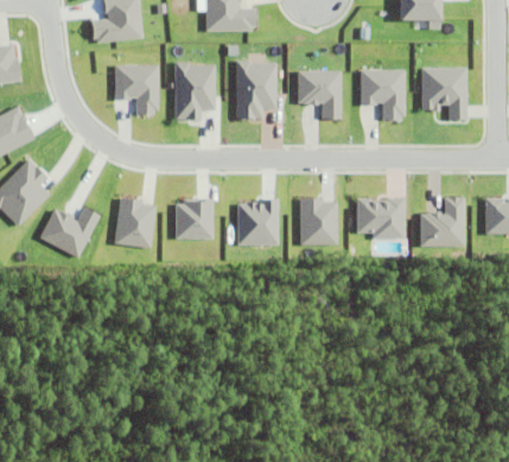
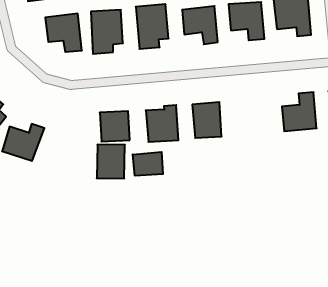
building: [356,198,405,239] -> none
building: [115,200,157,248] -> [97,145,125,178]
building: none -> [133,152,163,176]

